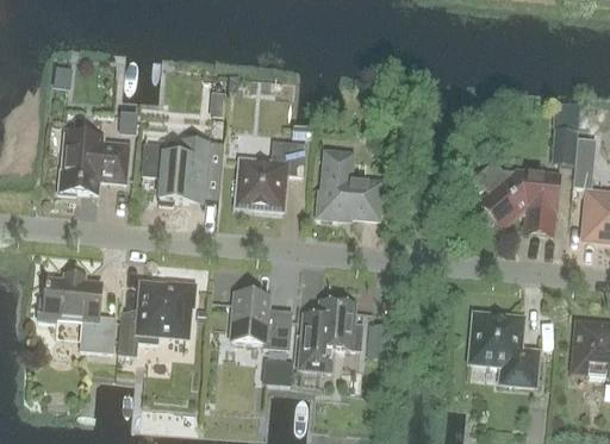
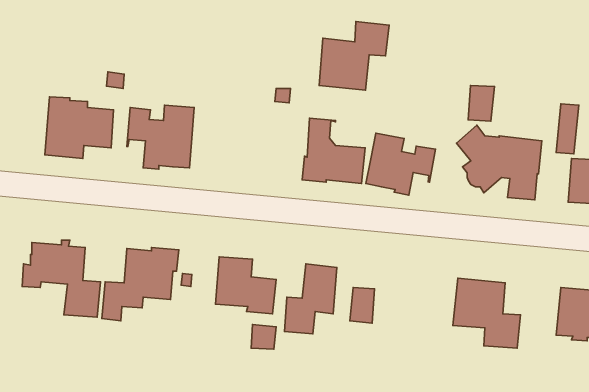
building: [552,127,578,163] -> [468,85,494,121]
building: [236,139,306,208] -> [319,22,389,90]
building: none -> [366,133,435,195]

